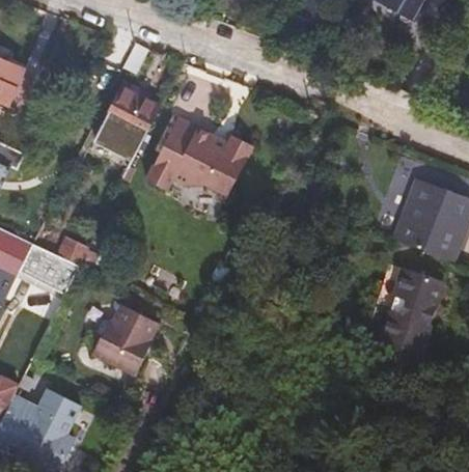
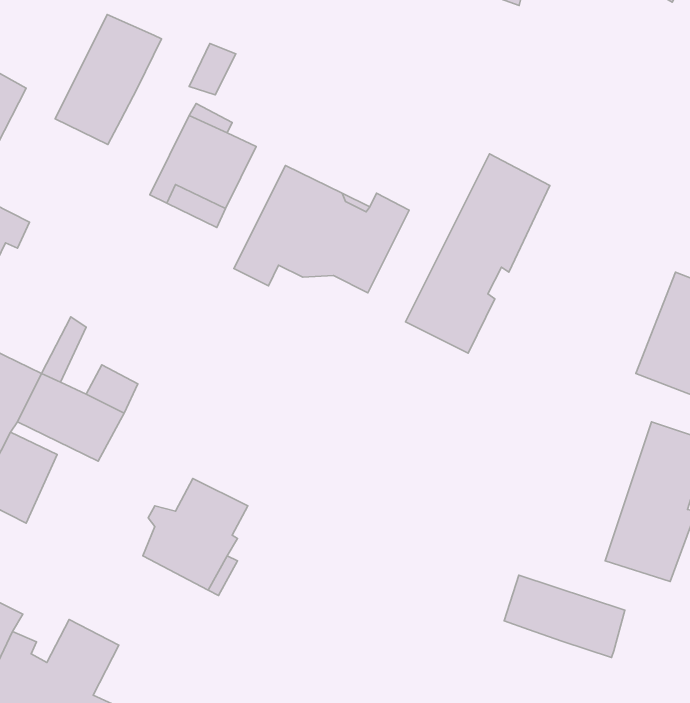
building: none -> [55,15,161,144]
building: none -> [406,154,550,353]
building: none -> [504,575,625,657]

